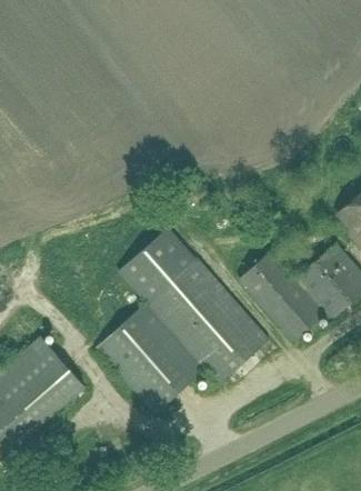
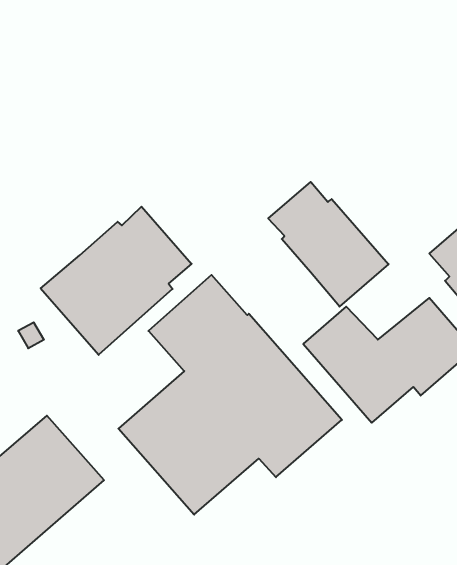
building: none -> [268,182,389,307]
building: none -> [41,207,192,355]

